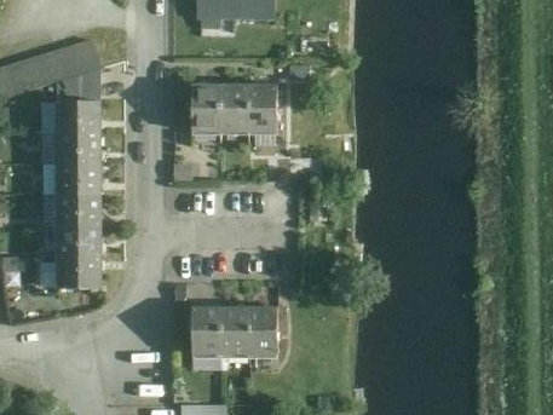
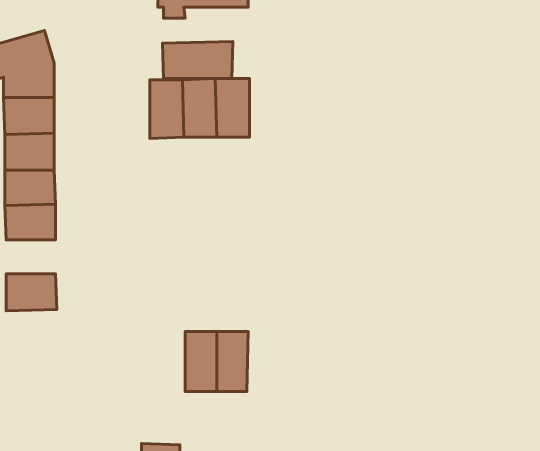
building: none -> [163,42,233,78]
building: [58,225,102,255] -> none
building: [188,305,217,359] -> none

